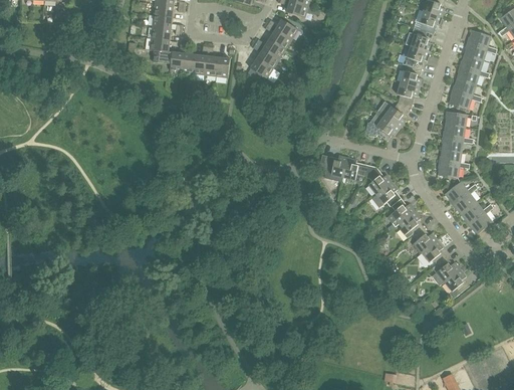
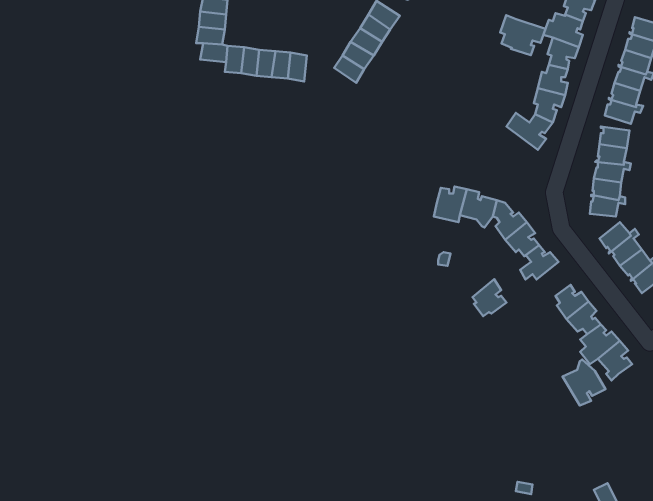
building: none -> [500,15,546,55]
building: [363,110,399,140] -> none
building: [398,209,423,236] -> [472,279,507,316]
building: none -> [562,359,606,406]

